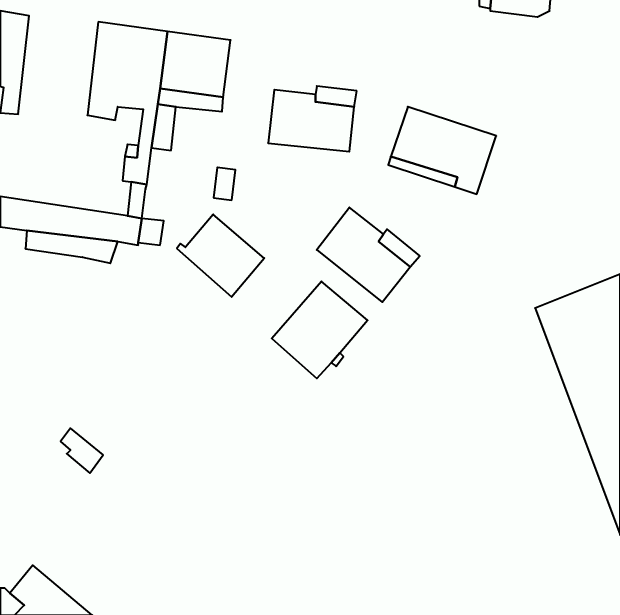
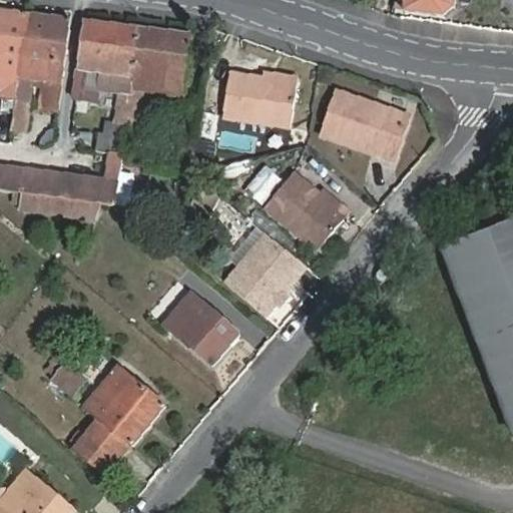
building: none -> [12,13,69,119]
building: [177,214,264,297] -> [165,296,237,364]
building: none -> [73,366,163,472]

